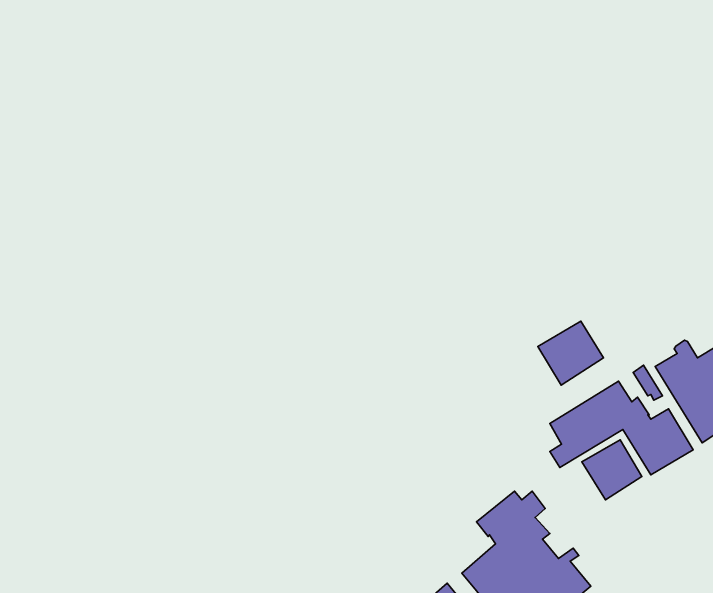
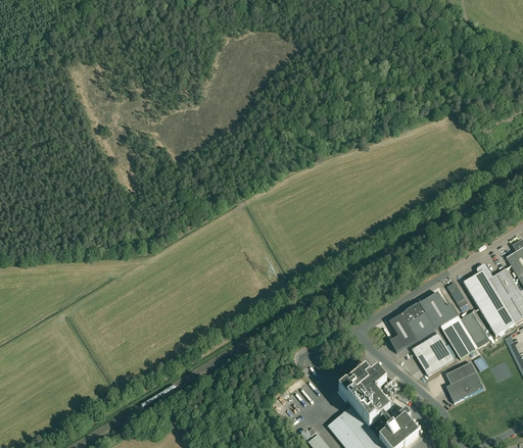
building: [538,321,604,385] -> none
building: none -> [446,361,483,402]

